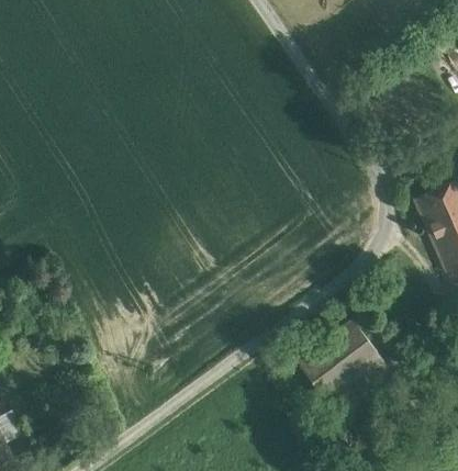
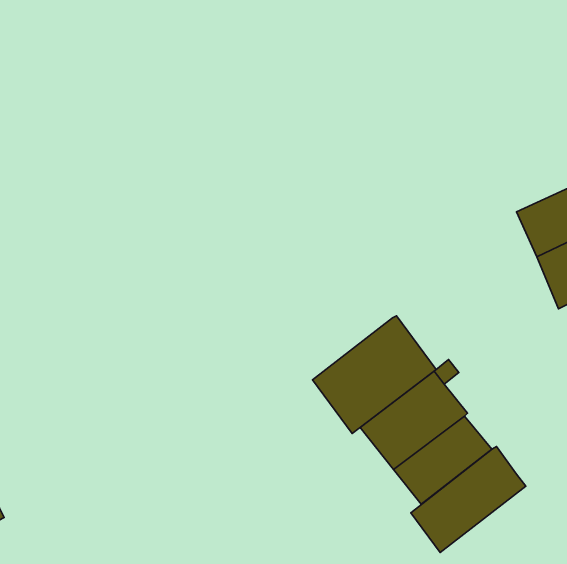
building: none -> [313,316,436,434]
building: none -> [411,446,526,553]

